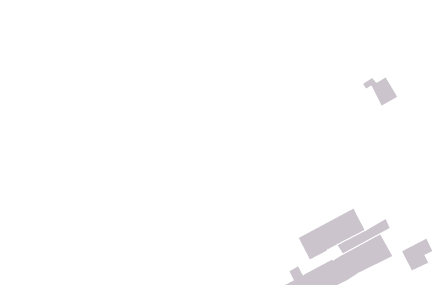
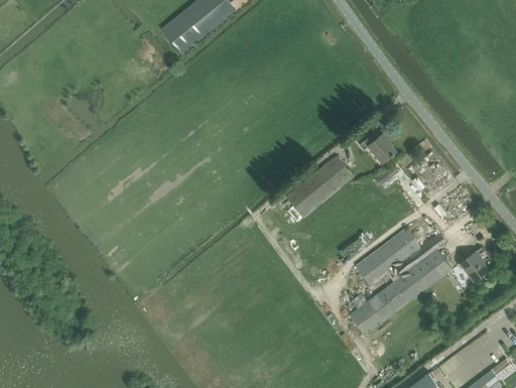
building: [362,76,398,106] -> [360,133,397,163]
building: none -> [286,155,354,217]

